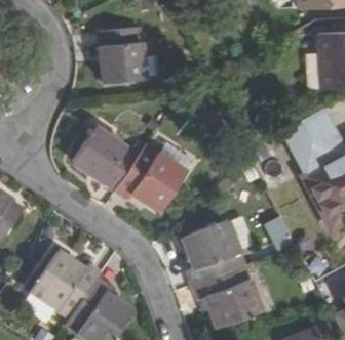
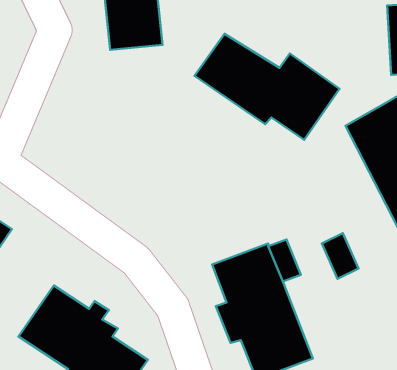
building: [70,128,184,211] -> [194,34,340,140]

